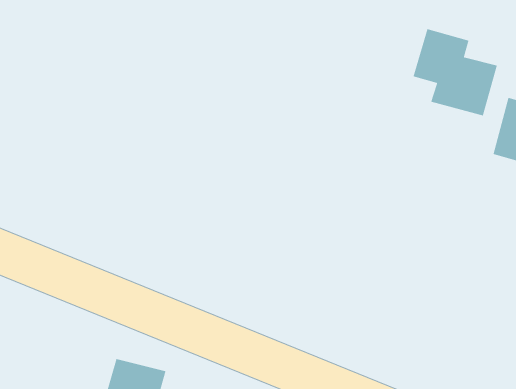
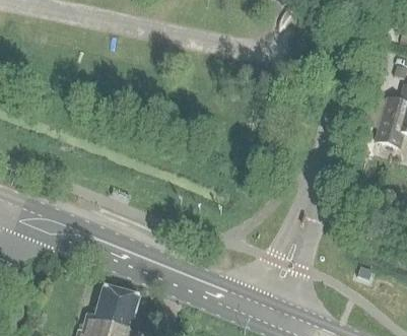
building: [412,28,498,117] -> none

